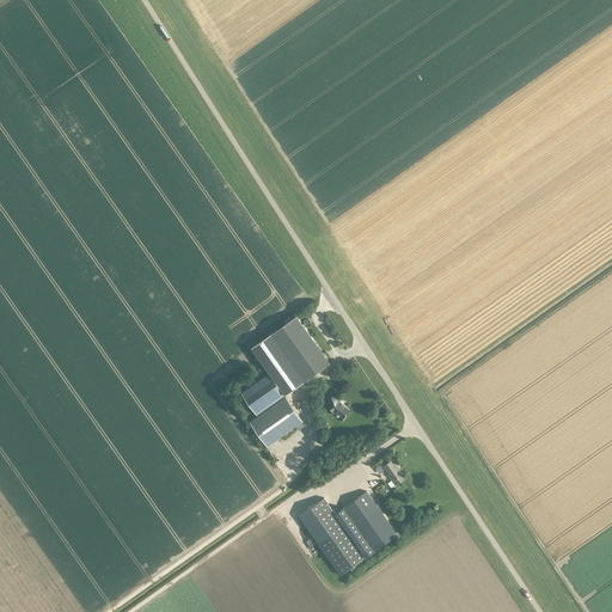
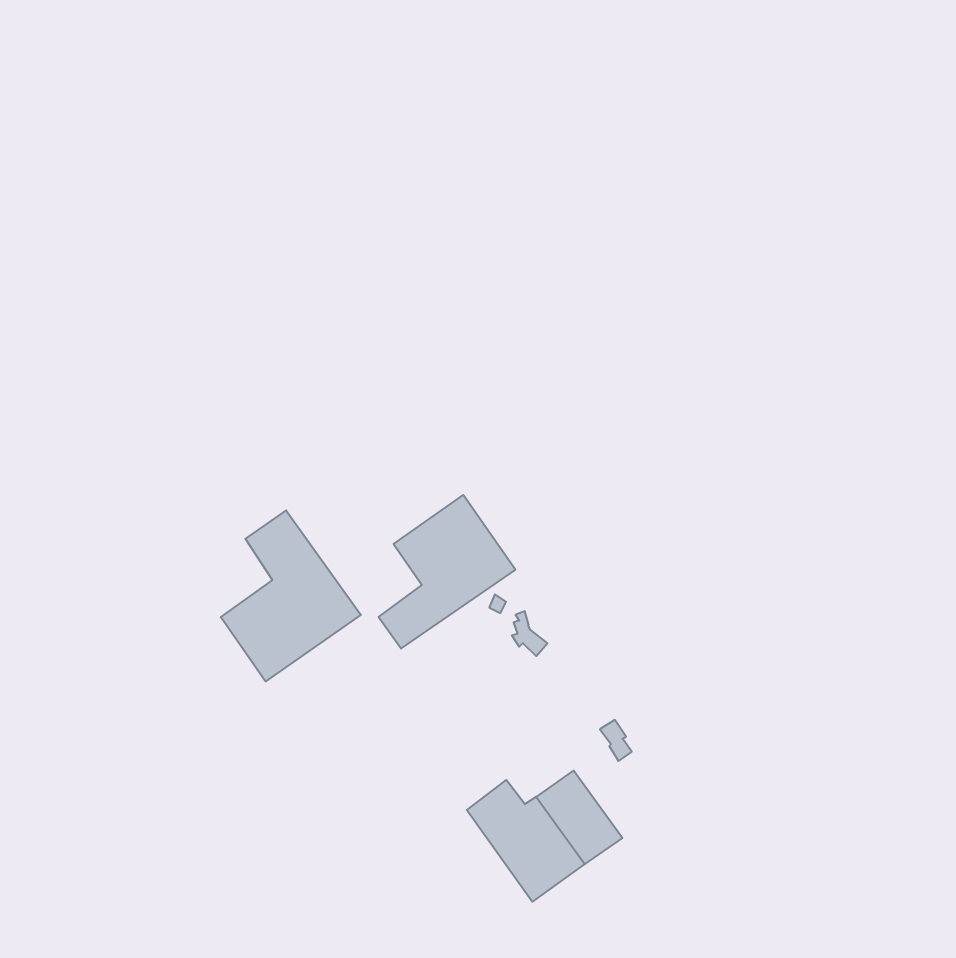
building: none -> [221,510,361,681]
building: [249,397,305,446] -> none

